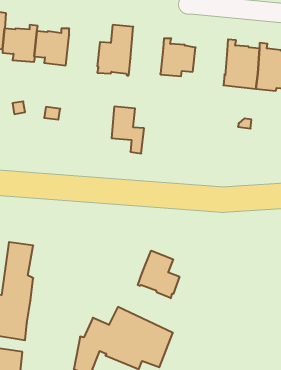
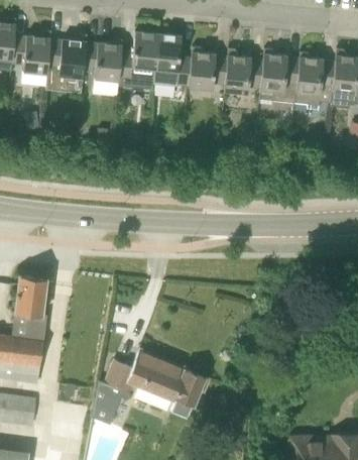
building: none -> [83,38,122,80]
building: none -> [223,49,262,93]
building: [112,107,144,153] -> [154,33,191,86]
building: [138,251,179,298] -> none

